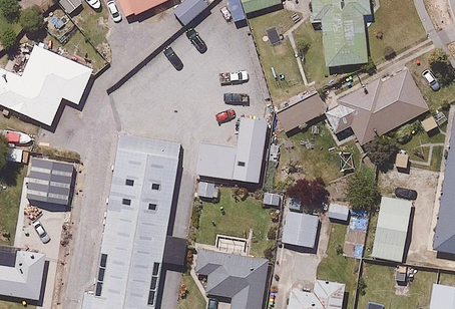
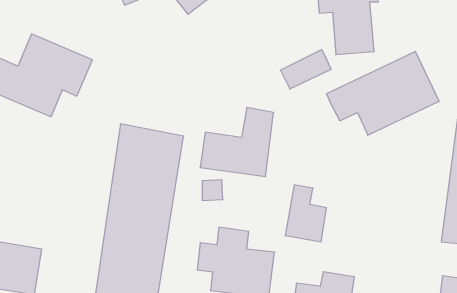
building: [275,94,324,132] -> [280,50,331,89]
building: [34,159,70,208] -> none
building: [368,193,410,262] -> none

